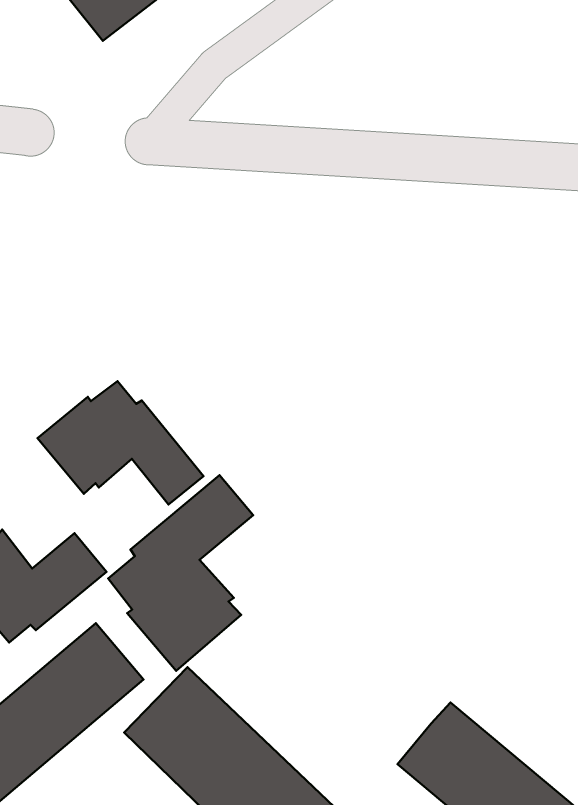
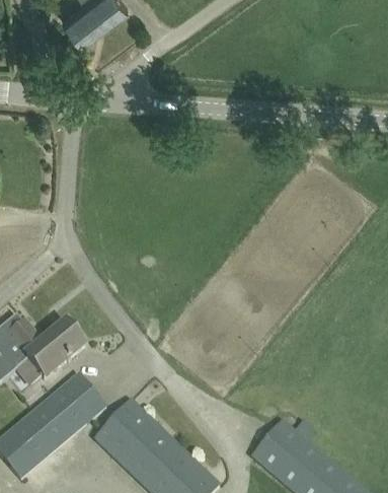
building: [38,381,203,505] -> none
building: [108,475,253,671] -> none

